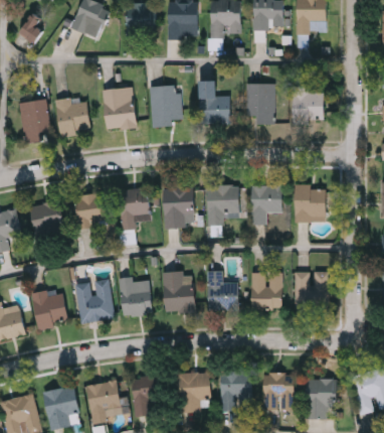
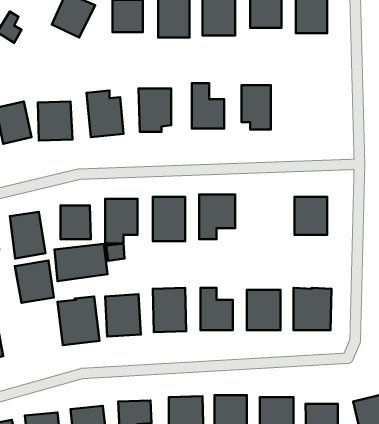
building: [292,89,323,122] -> none
building: [250,184,281,224] -> none
building: none -> [55,244,107,281]
building: [31,289,67,328] -> [15,261,54,303]

